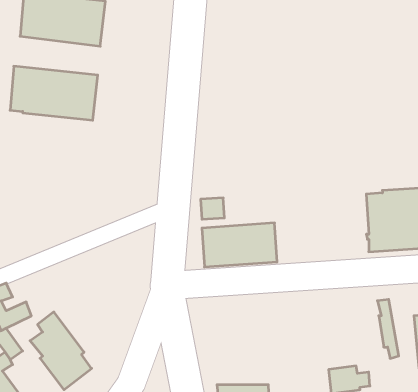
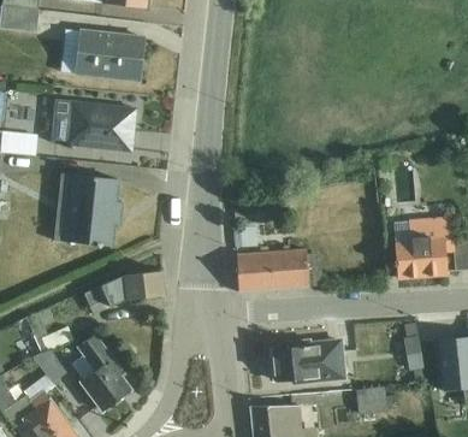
building: none -> [54,173,122,247]
building: none -> [85,271,165,314]
building: none -> [271,341,344,385]

